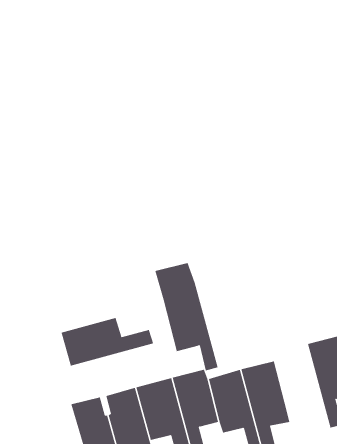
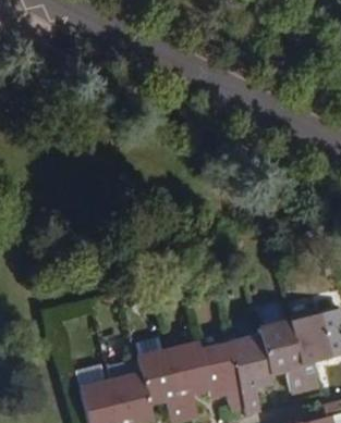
building: [154,262,218,371] -> [253,301,310,399]
building: [61,317,154,367] -> none

